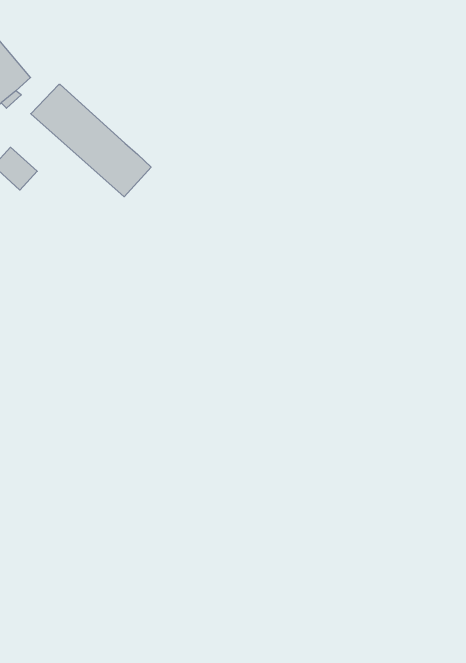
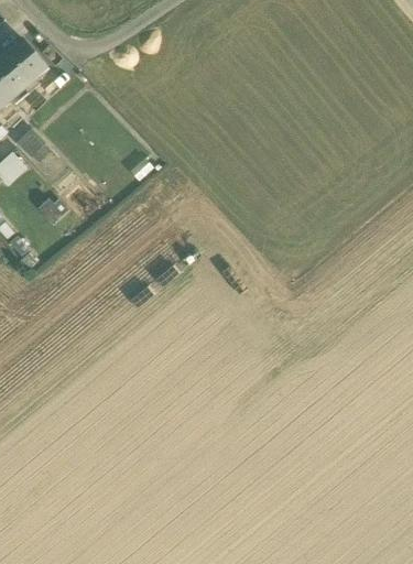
building: [31,84,151,197] -> none

